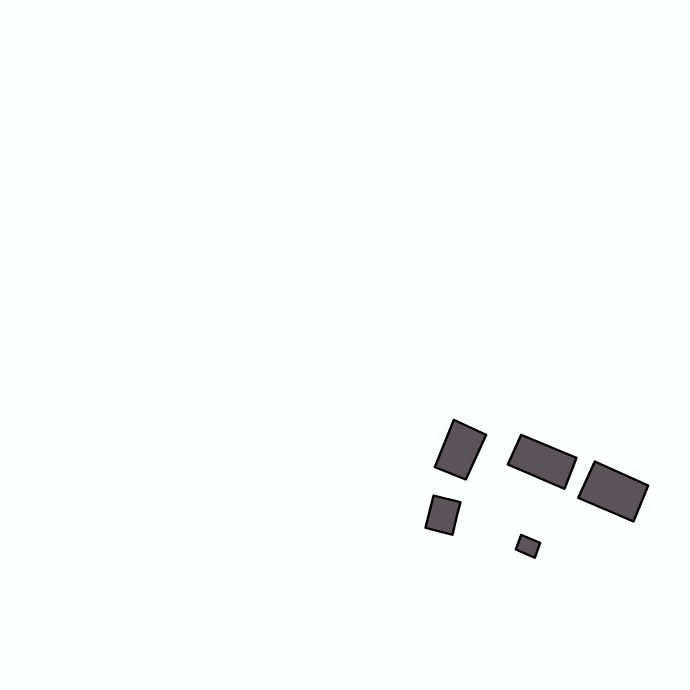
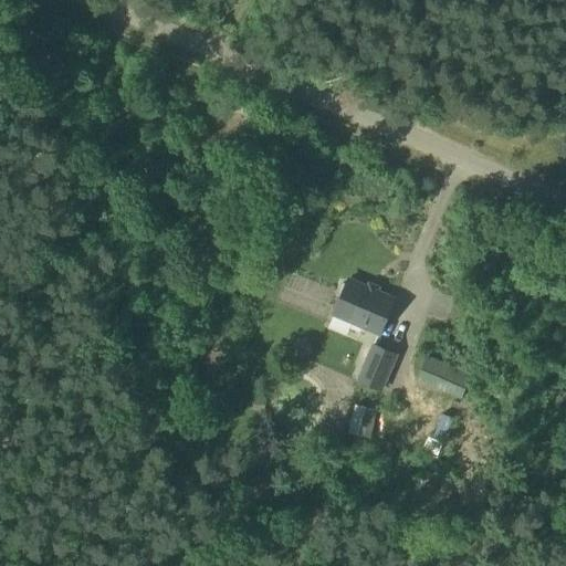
building: none -> [333,280,392,334]
building: [578,462,648,522] -> none

